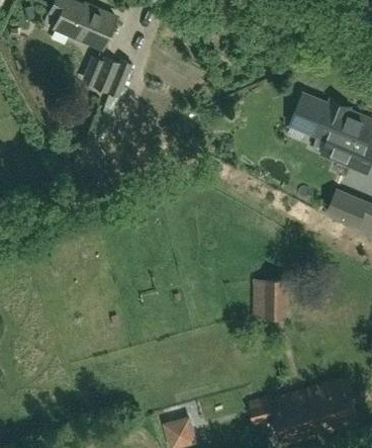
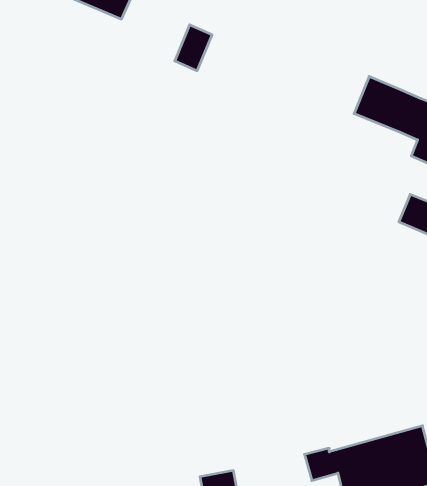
building: [91,58,121,95] -> [175,25,212,71]
building: [253,280,288,320] -> none

